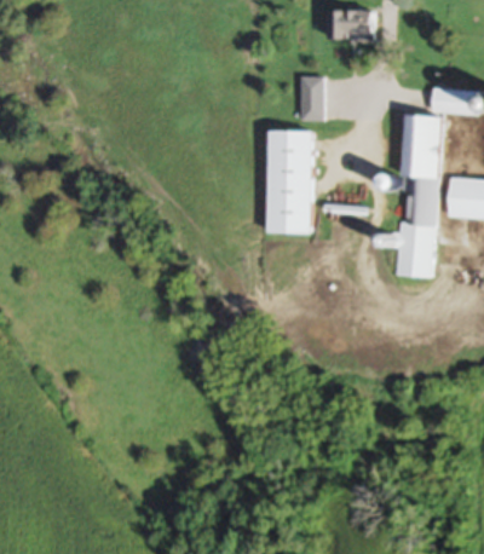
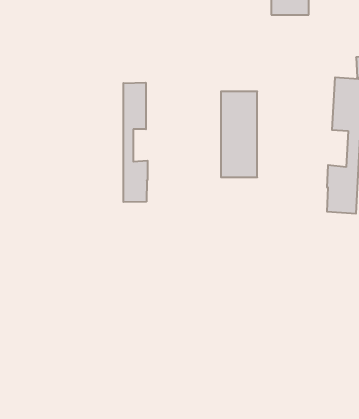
building: [301,77,323,121] -> none
building: none -> [123,83,148,202]

